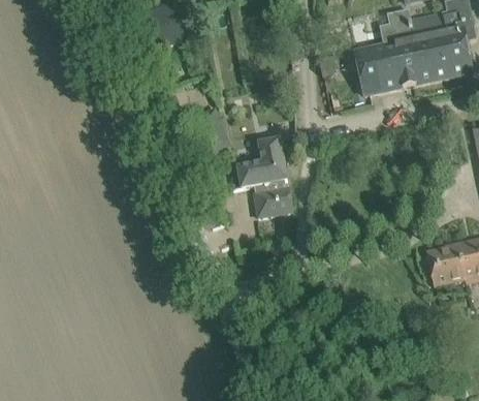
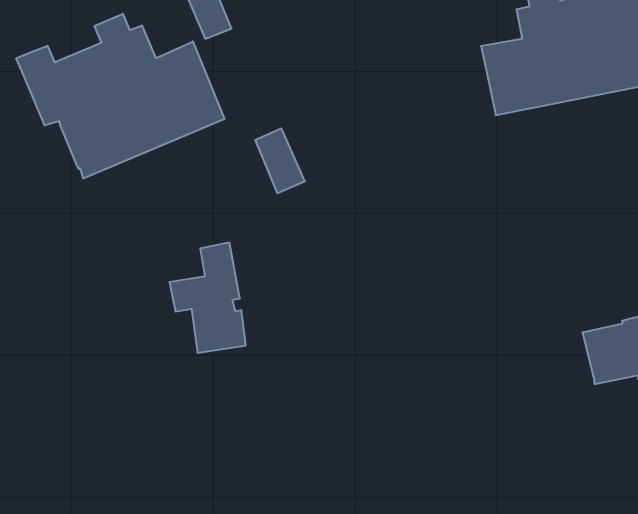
building: none -> [16,14,225,179]
building: [238,136,292,214] -> [169,243,246,353]

